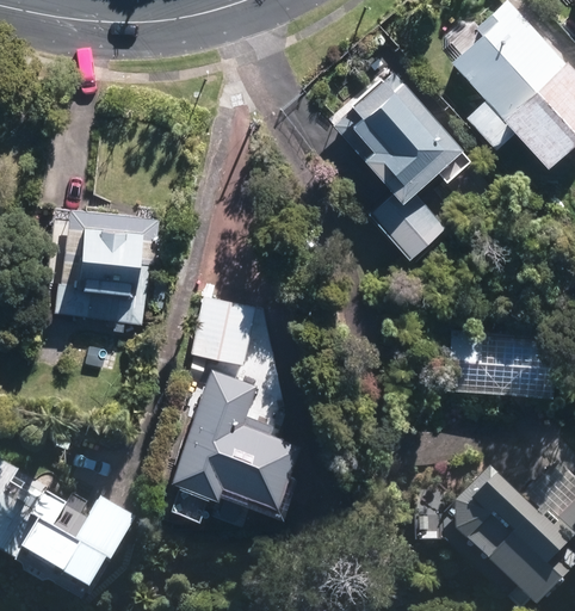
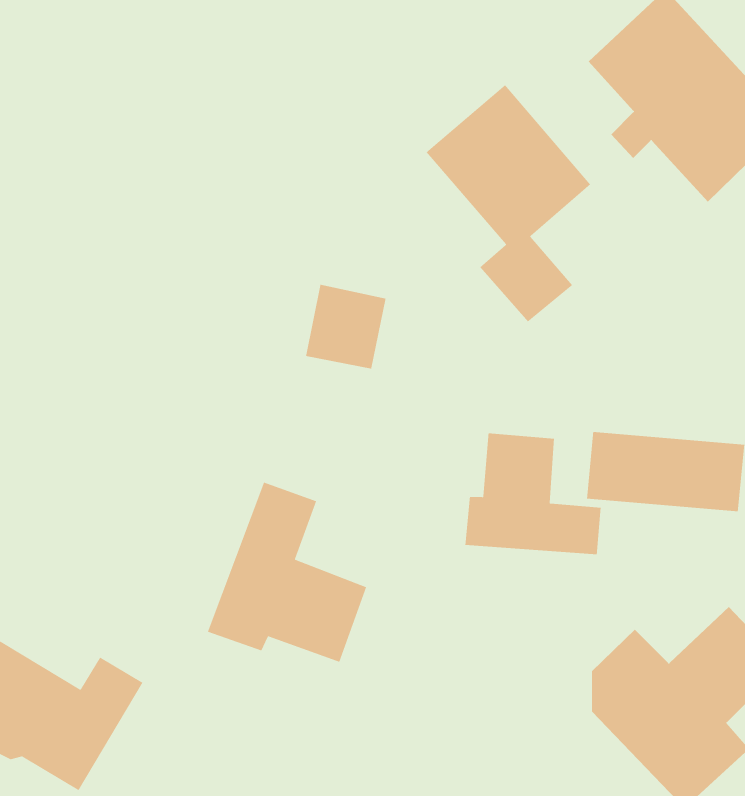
building: [56,211,159,319] -> none
building: [199,295,259,358] -> [305,284,386,370]
building: none -> [465,433,602,555]

